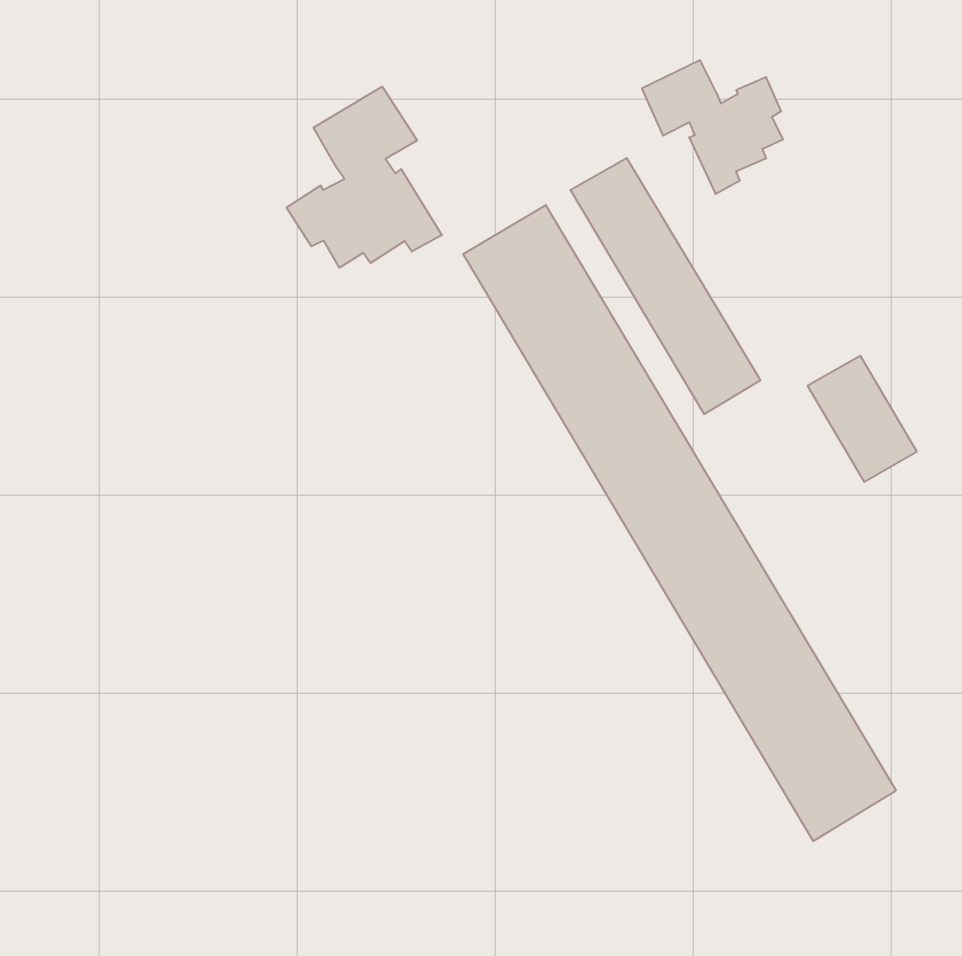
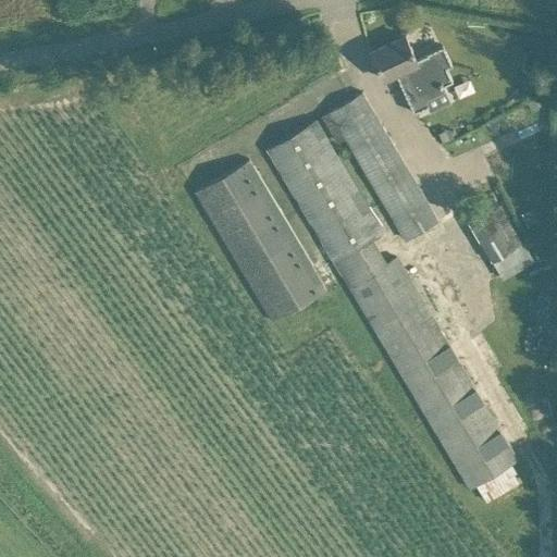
building: [287,87,442,268] -> none
building: none -> [196,162,325,323]

